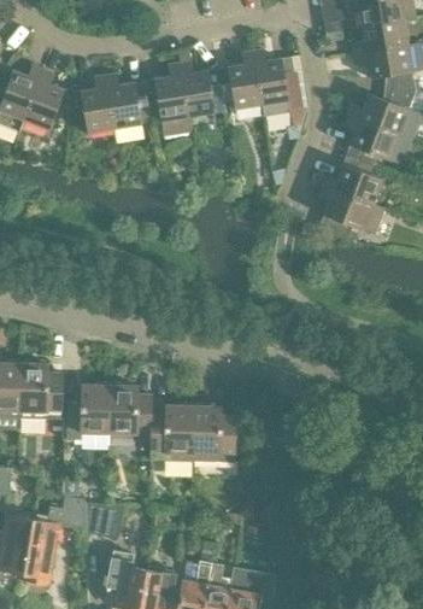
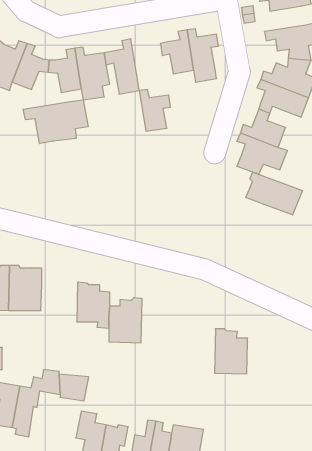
building: [353,21,409,54] -> none
building: [180,63,221,117] -> [139,90,171,131]
building: none -> [23,100,88,144]
building: none -> [246,172,302,215]
building: [66,382,110,445] -> none
building: [193,404,236,463] -> [215,329,248,374]

